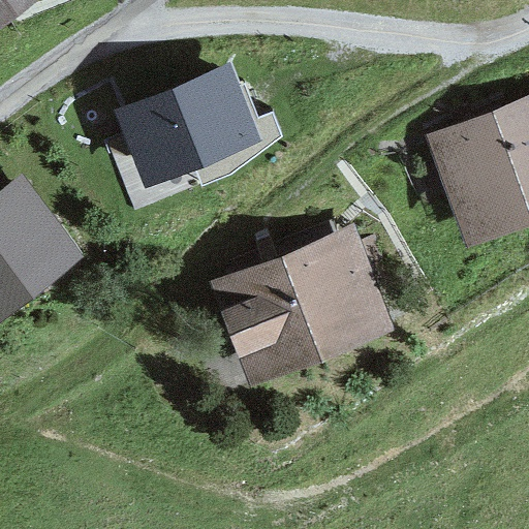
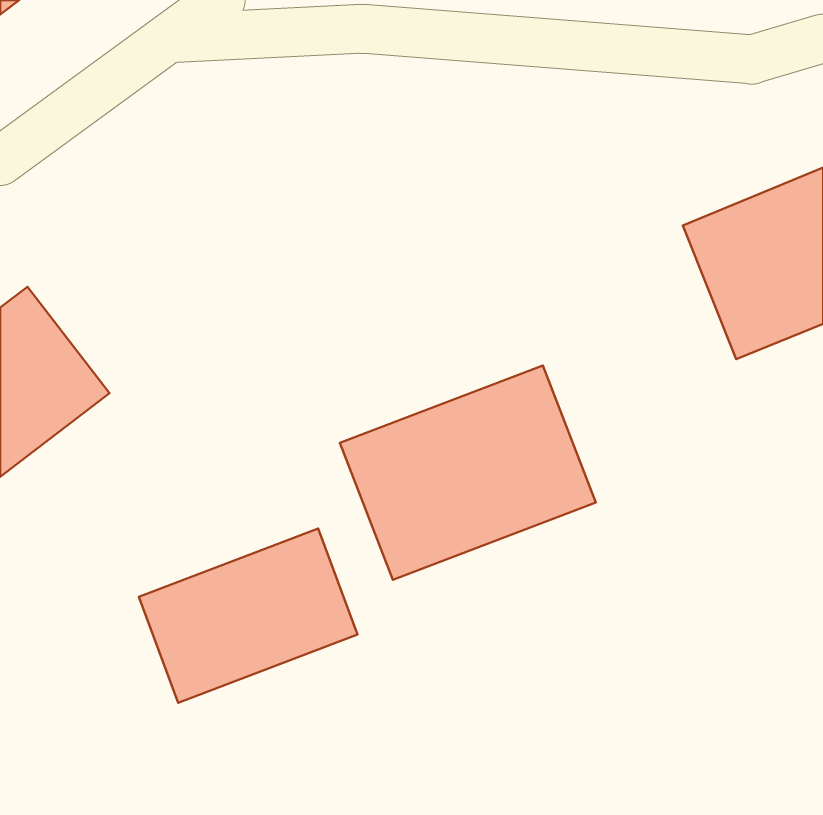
building: [126,69,250,168] -> none
building: none -> [139,529,358,703]

